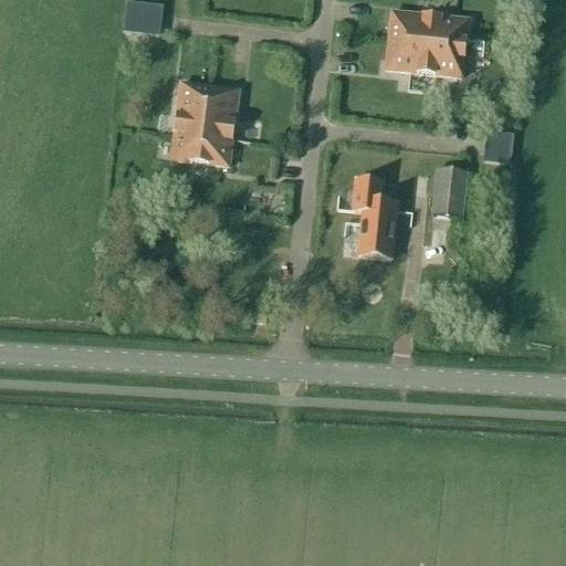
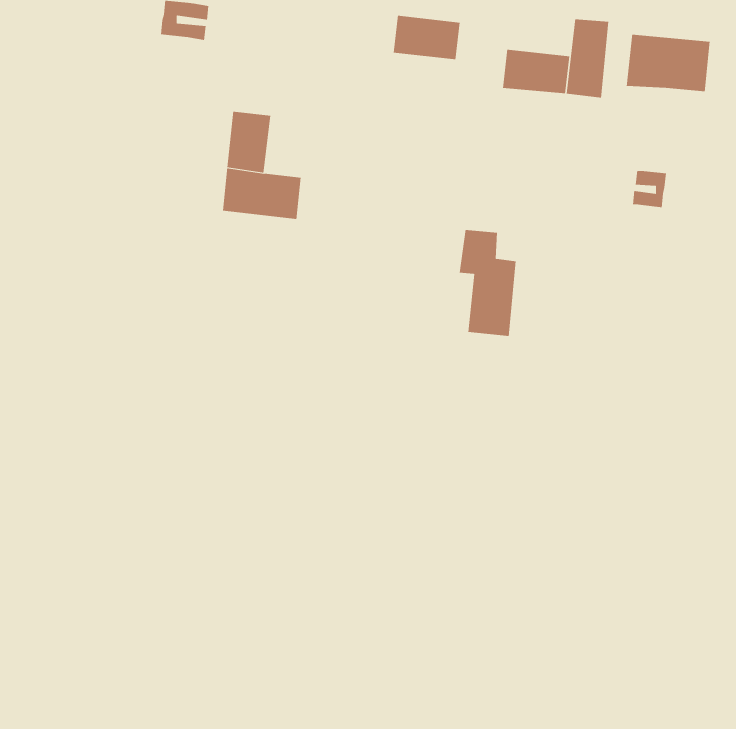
building: [389,9,441,43] -> [393,15,461,60]
building: none -> [626,34,710,92]
building: [203,88,237,136] -> none
building: [432,165,468,216] -> none

